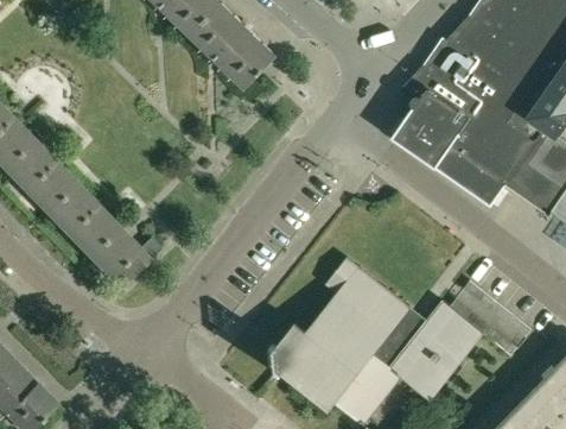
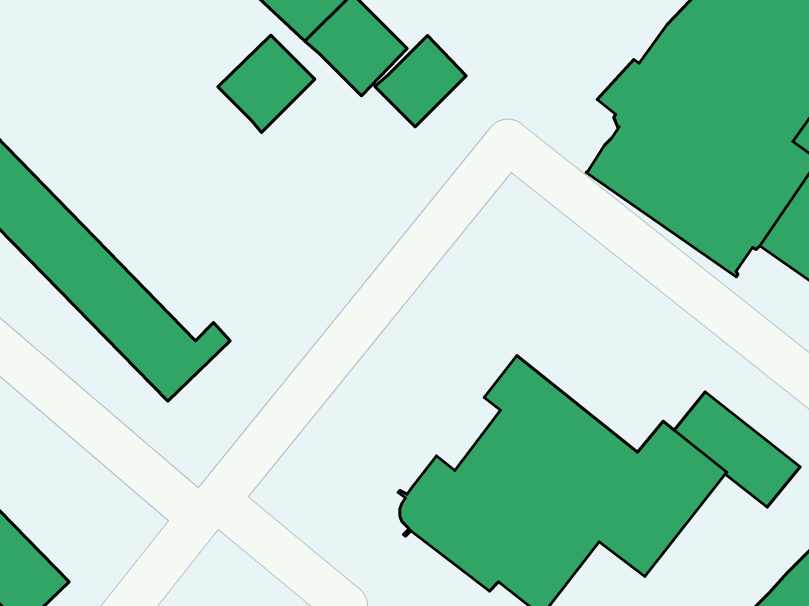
building: none -> [218,35,315,133]
building: none -> [375,36,466,127]

